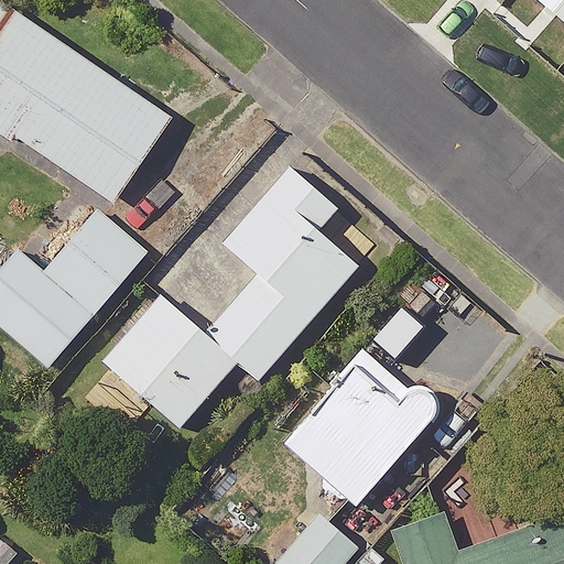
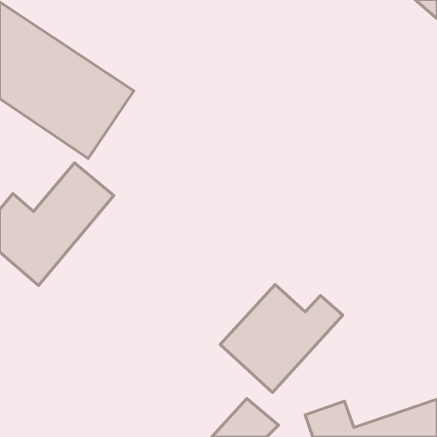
building: [174,167,379,380] -> none
building: [100,300,230,427] -> none

